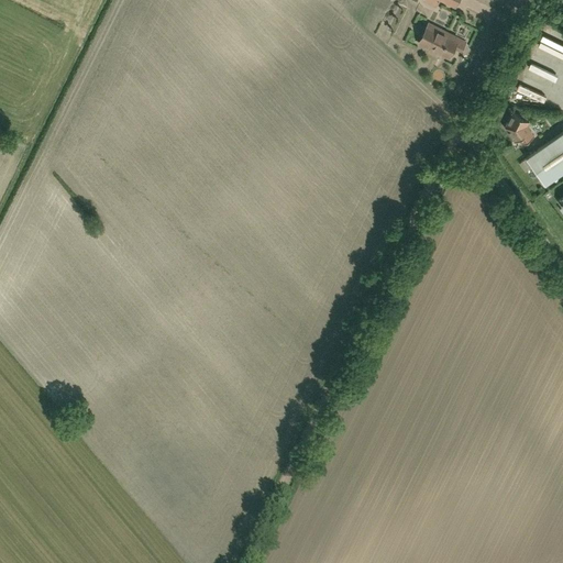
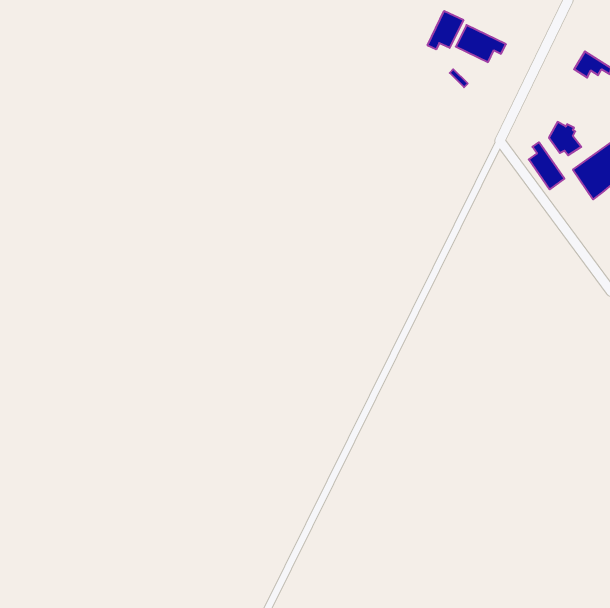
building: none -> [428,11,463,49]
building: none -> [529,142,564,189]

